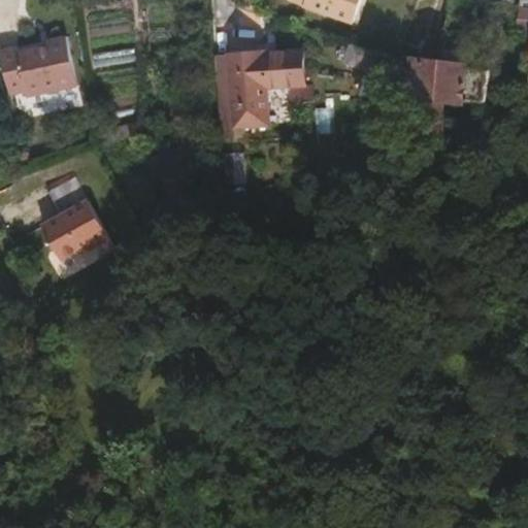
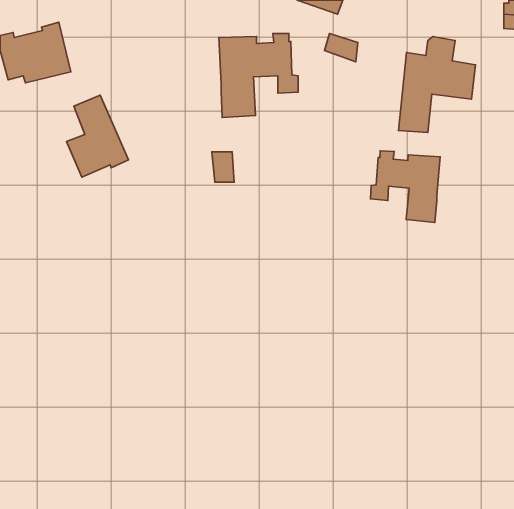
building: none -> [370,151,440,223]
building: [36,184,99,267] -> [67,95,128,177]

